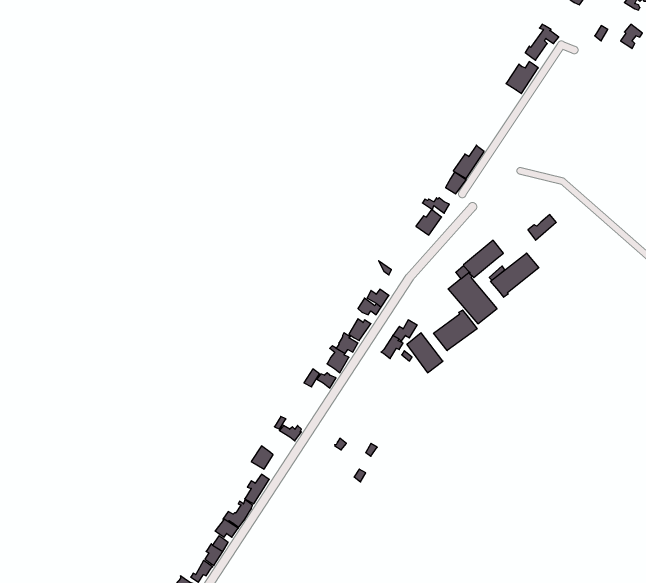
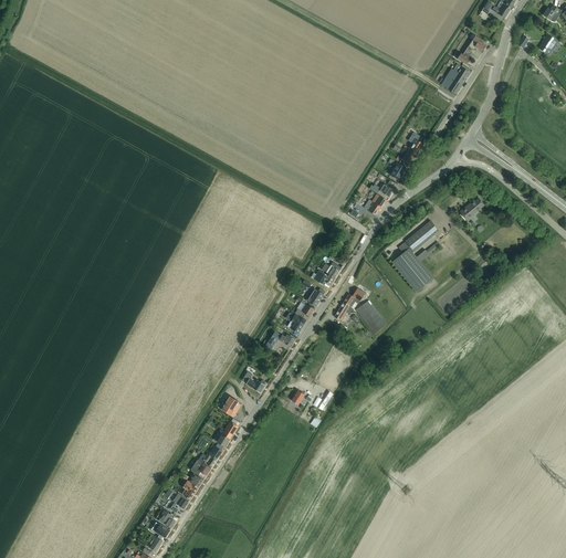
building: [491,253,539,297] -> none
building: [434,310,477,351] -> none

